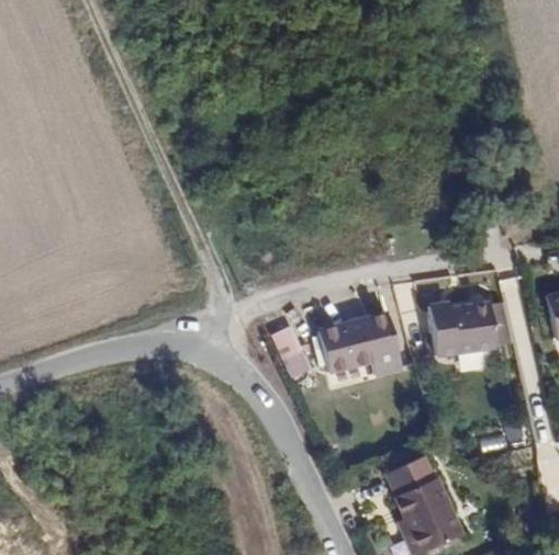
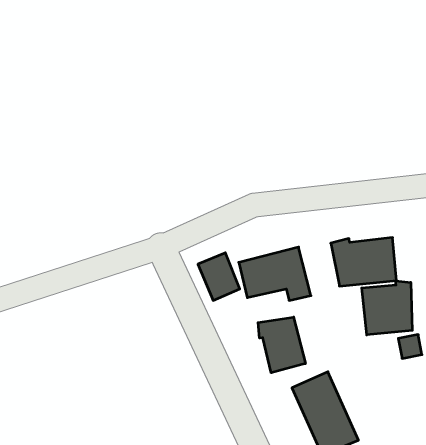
building: none -> [362,281,412,335]
building: none -> [258,317,305,373]

